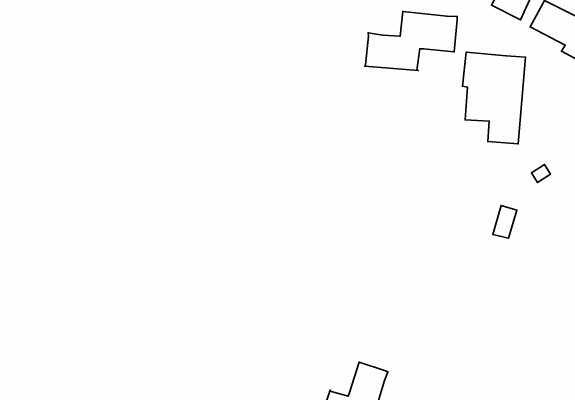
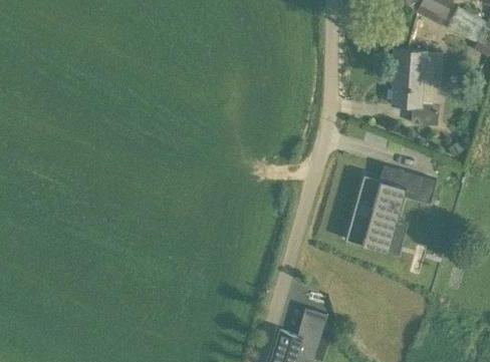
building: [365,12,457,71] -> none
building: none -> [345,167,410,252]

